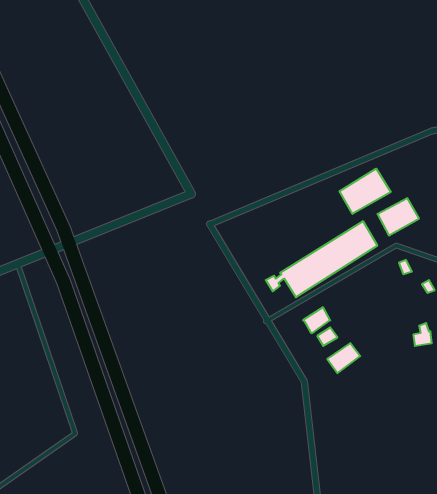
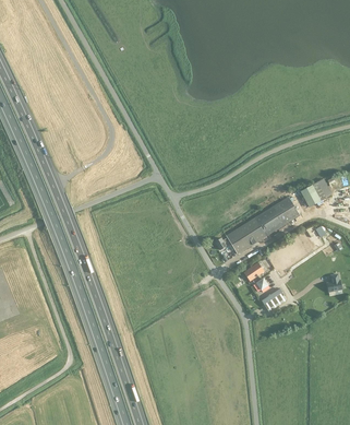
building: [340,169,391,214] -> none

